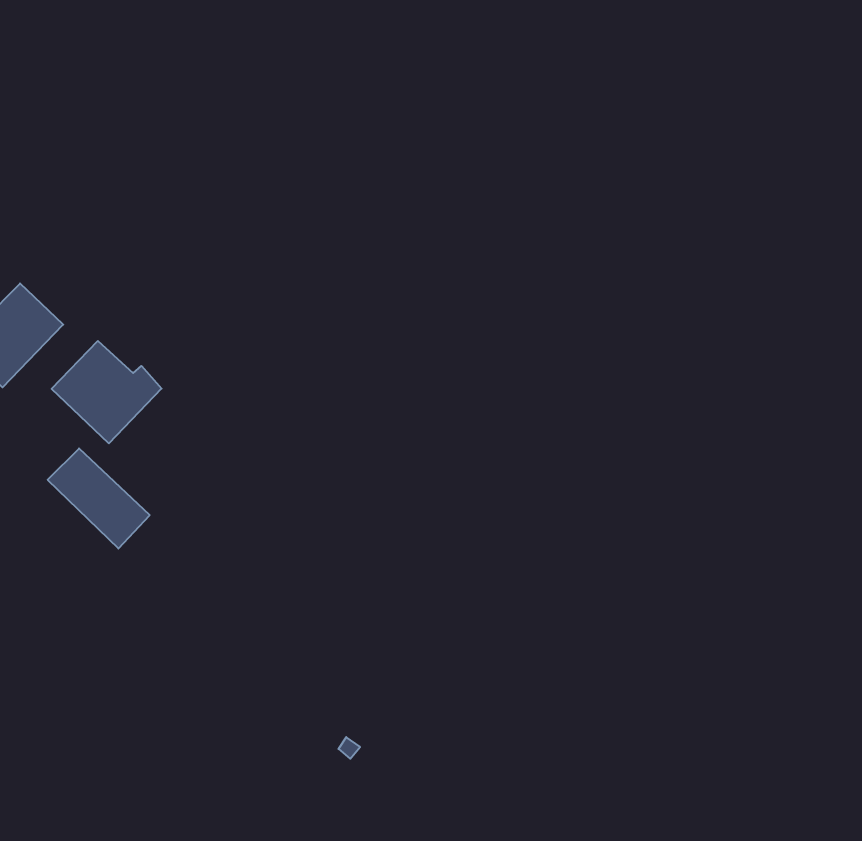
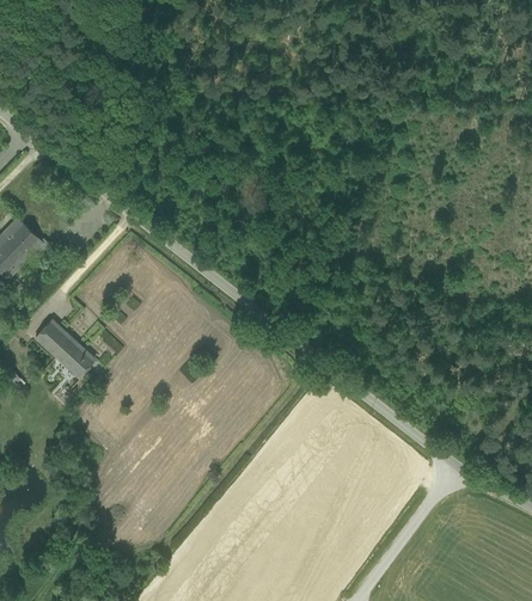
building: [52,341,162,443] -> none

